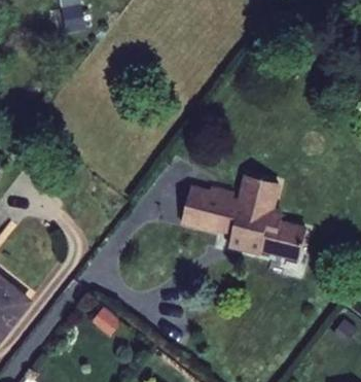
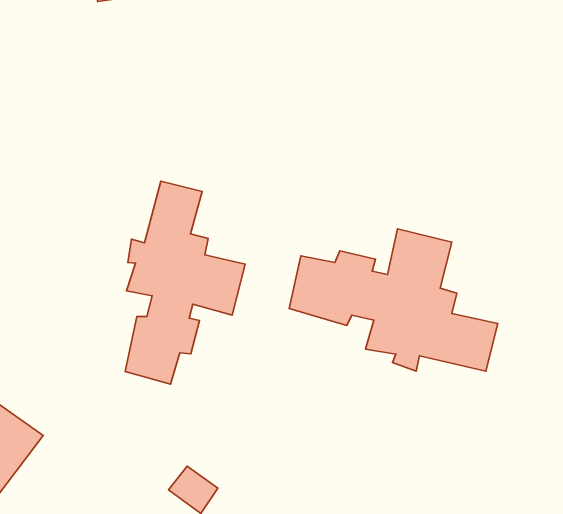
building: none -> [125,181,245,384]

